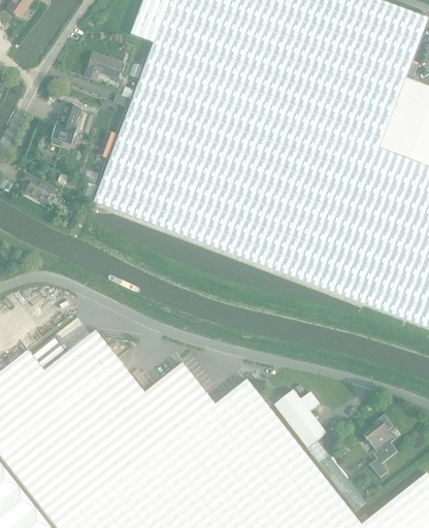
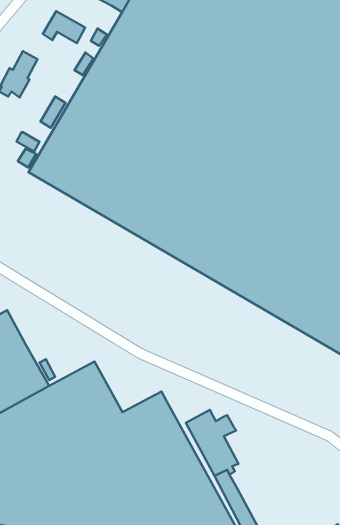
building: [363,416,397,464] -> none

